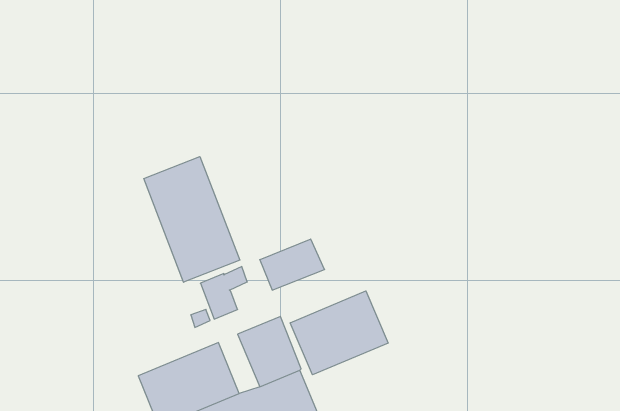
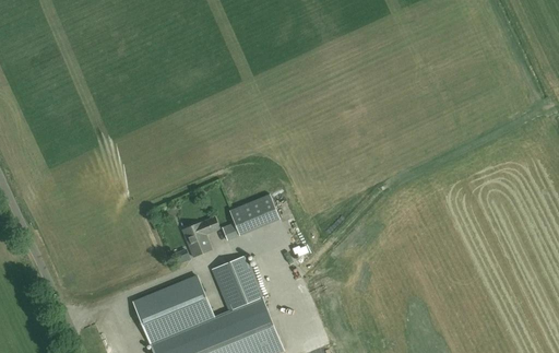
building: [144,157,240,282] -> none
building: [290,291,388,375] -> none

